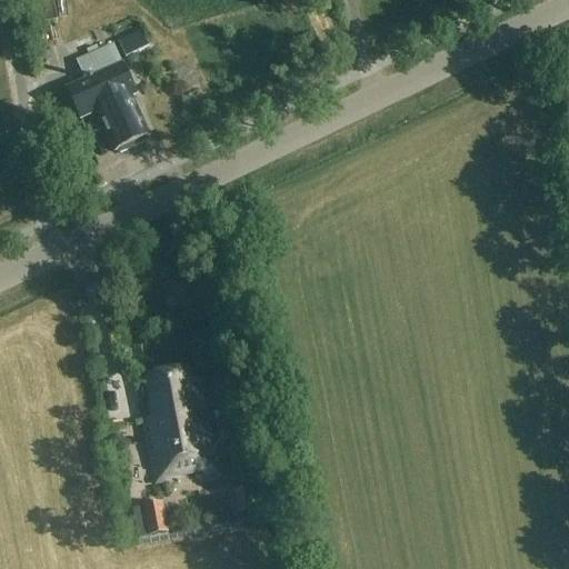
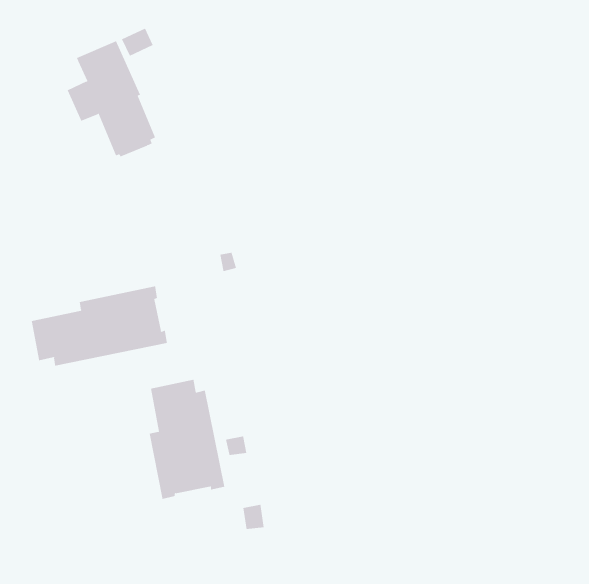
building: none -> [31,285,167,366]
building: [139,497,168,533] -> none

